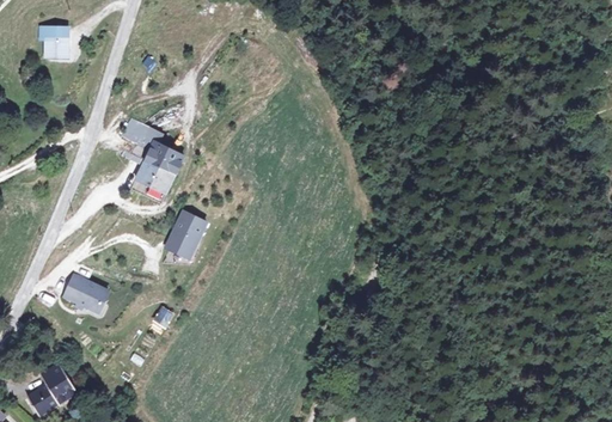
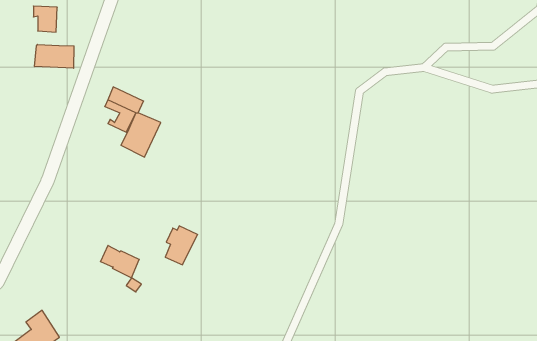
building: none -> [35,44,74,68]
building: [170,213,206,256] -> [165,226,198,265]
building: [66,275,109,311] -> [100,245,139,278]

